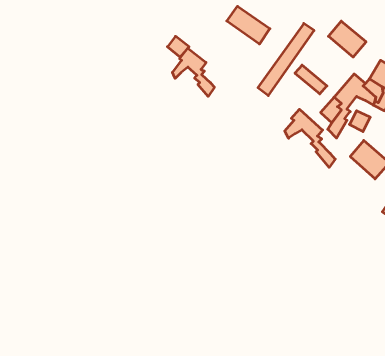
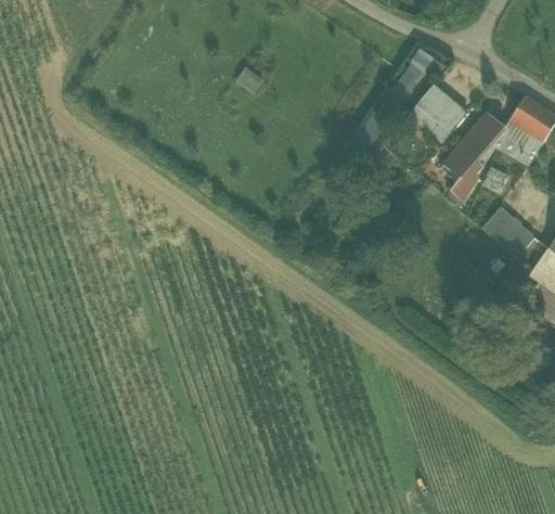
building: [227,6,270,44] -> none
building: [328,21,366,57] -> [417,81,468,130]
building: [172,48,214,96] -> none
building: [285,109,335,167] -> none

